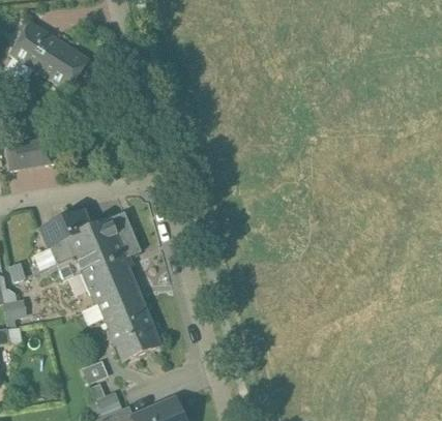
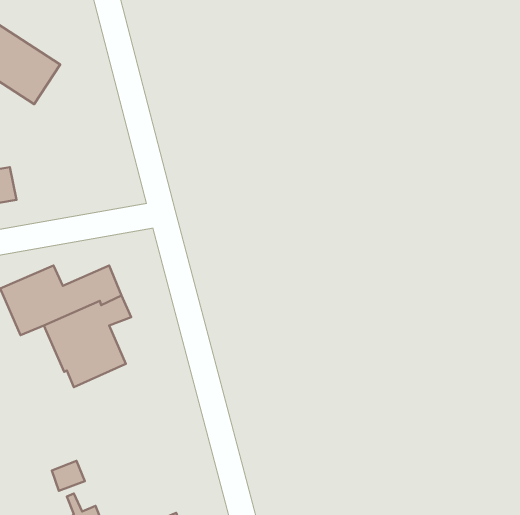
building: [97,285,161,361] -> none

